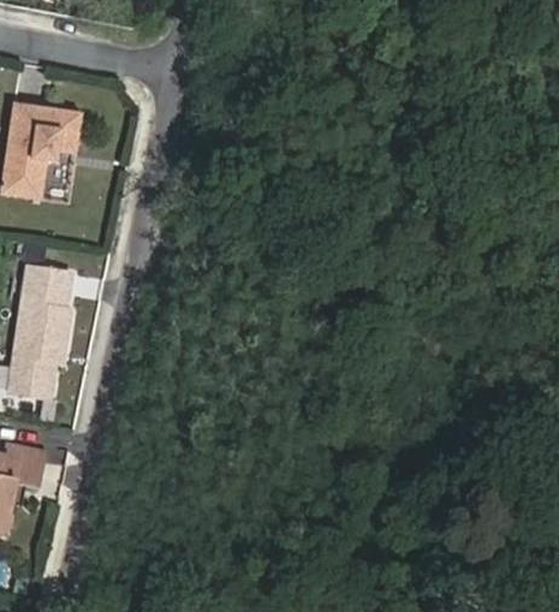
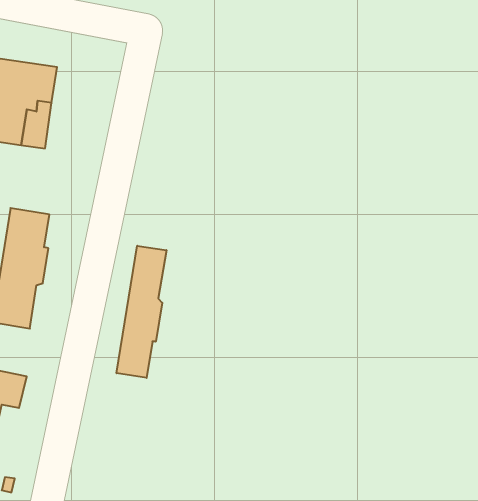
building: none -> [117,246,166,378]

